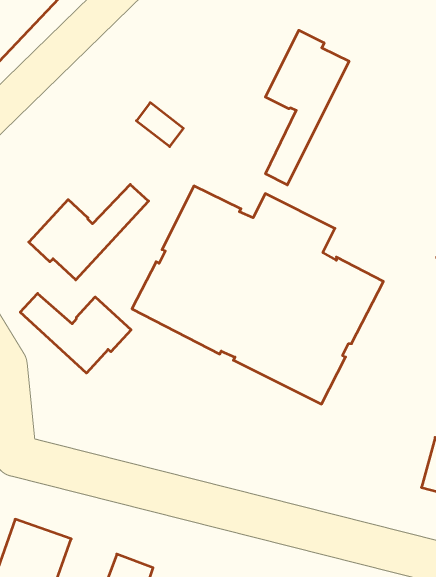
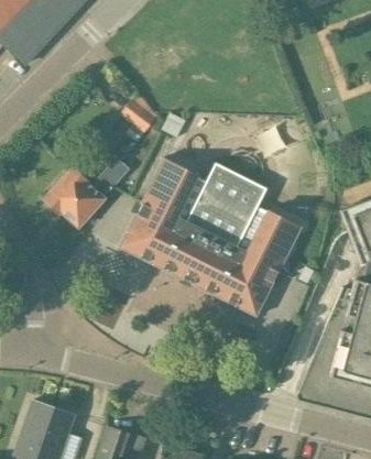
building: [265,30,349,185] -> none
building: [20,293,131,373] -> none

